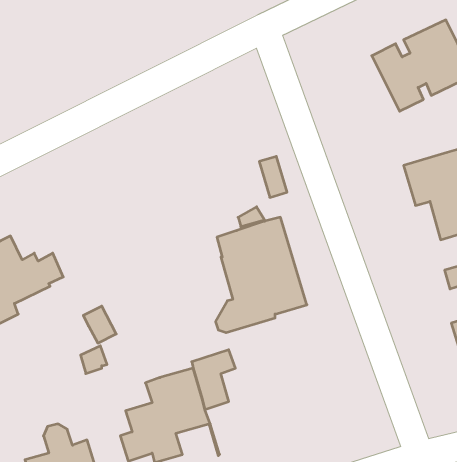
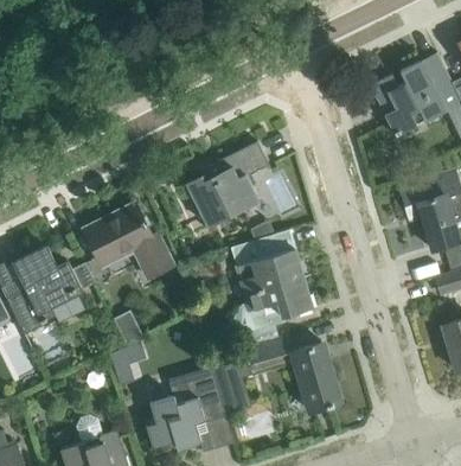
building: none -> [186,142,269,217]
building: none -> [83,204,171,272]
building: none -> [243,337,340,413]

